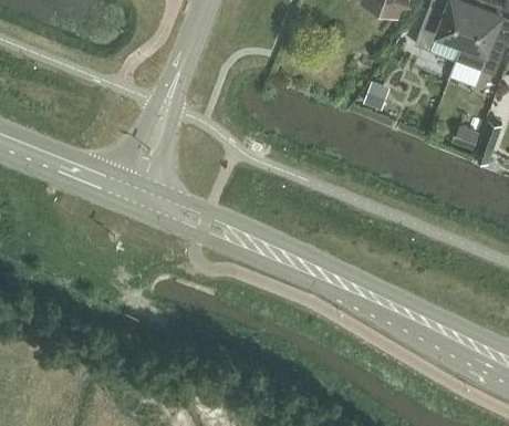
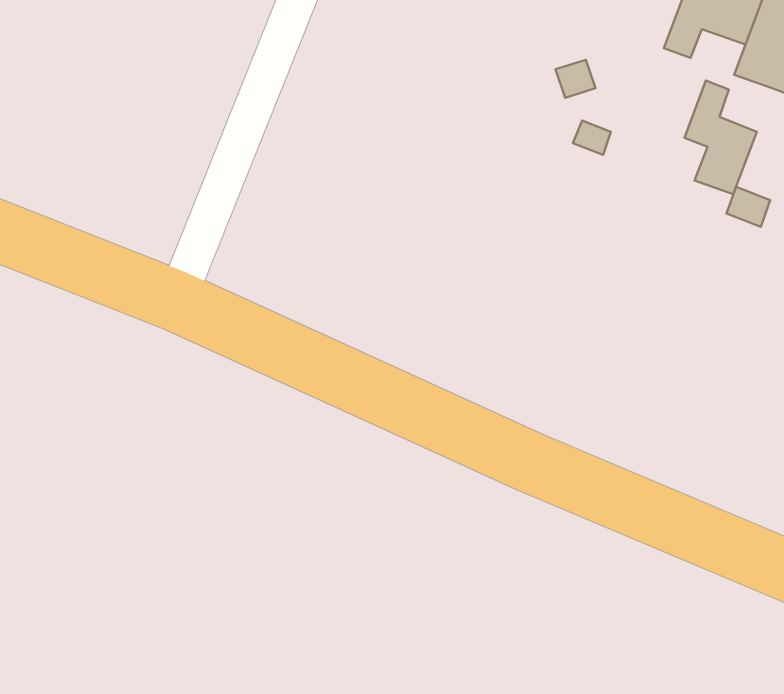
building: none -> [685,81,757,194]

